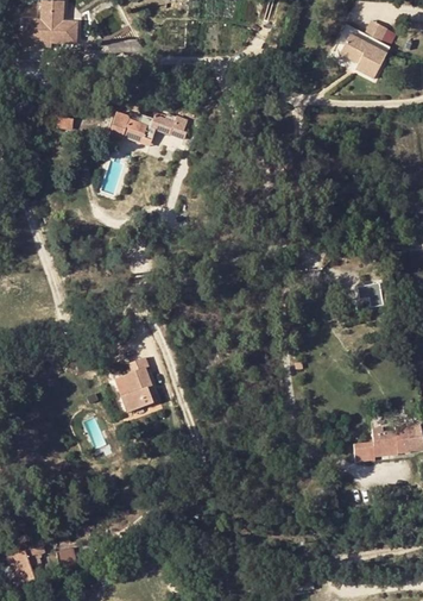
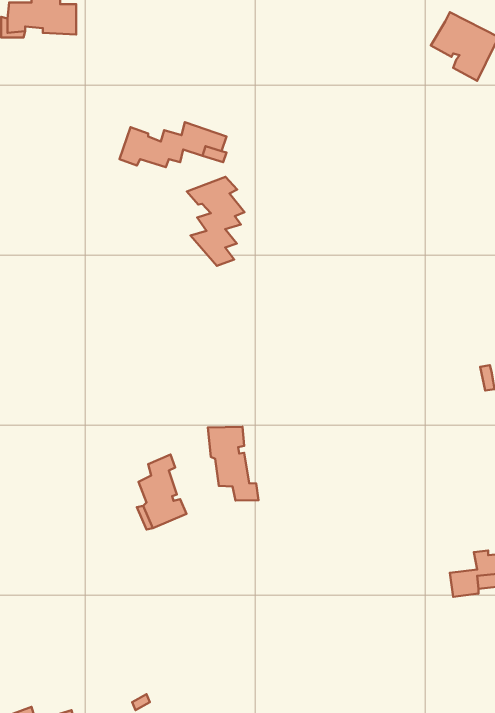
building: none -> [187,177,244,266]
building: none -> [208,427,259,501]

